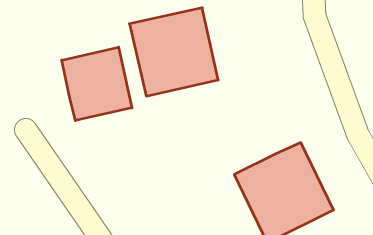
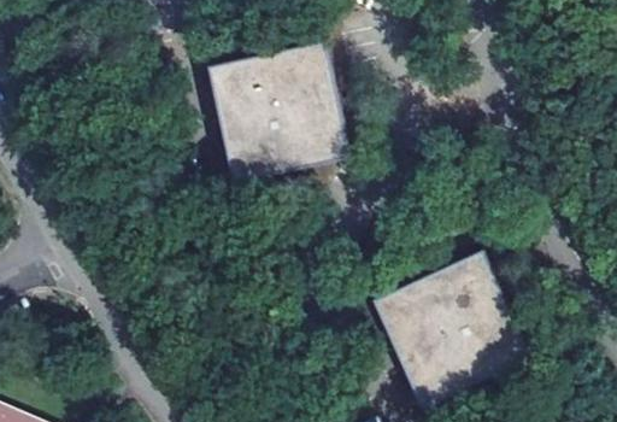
building: [62,47,132,121] -> none

